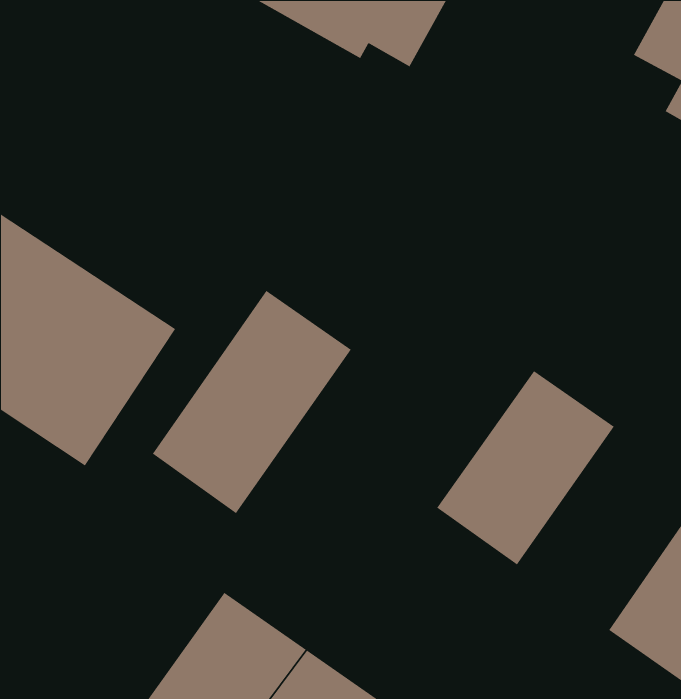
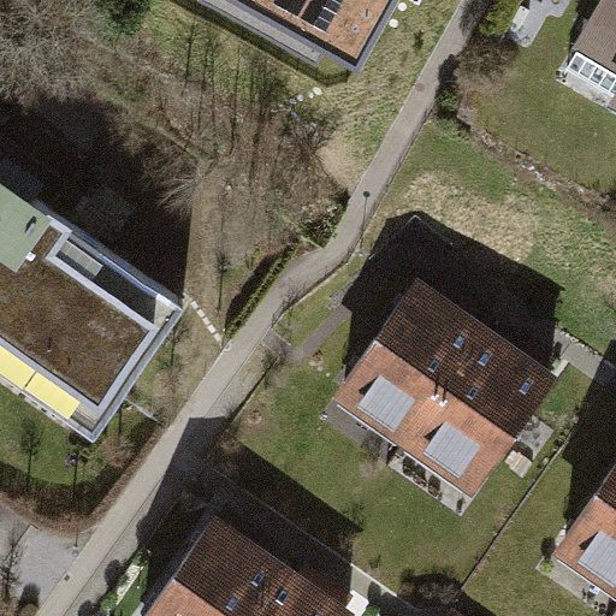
building: [152,290,352,514] -> none
building: none -> [328,277,486,448]

